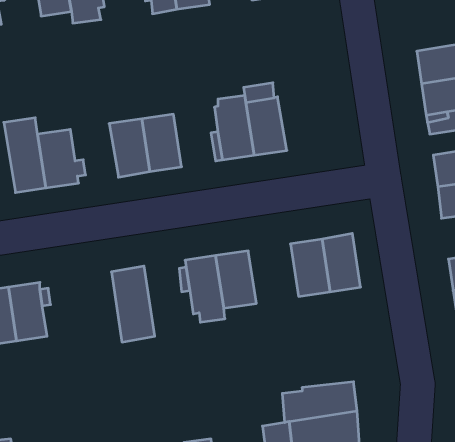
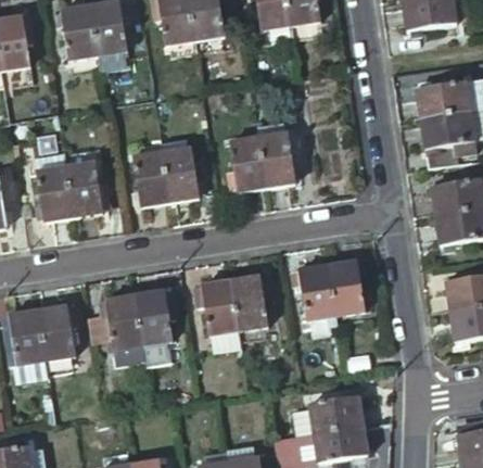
building: none -> [102,294,143,364]

